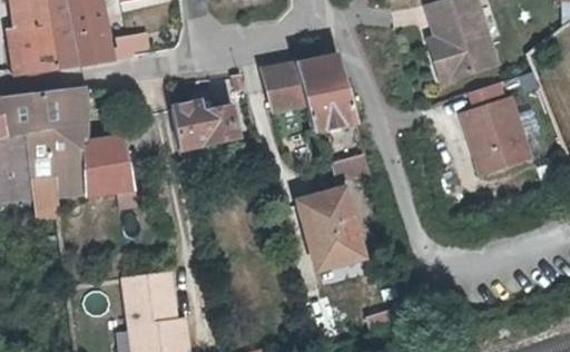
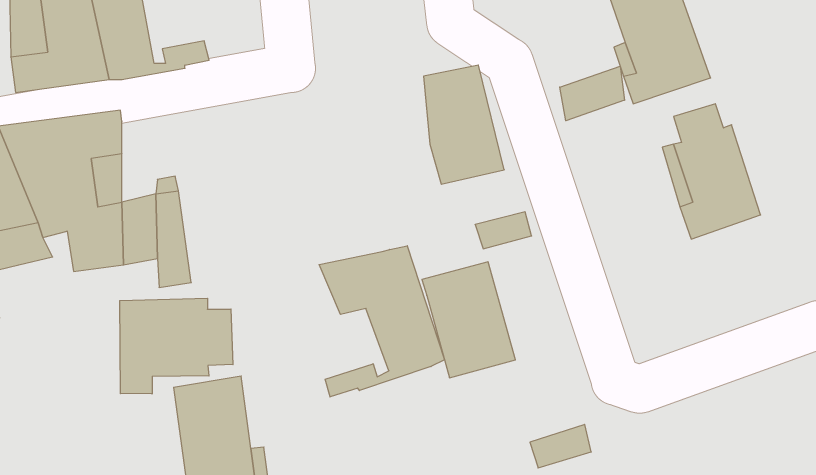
building: none -> [560,66,625,121]
building: [259,61,301,114] -> none
building: [174,97,239,147] -> none
building: [17,168,58,217] -> none
building: none -> [319,246,444,397]
building: none -> [120,298,233,394]

